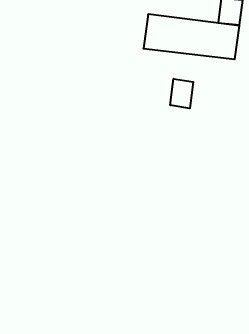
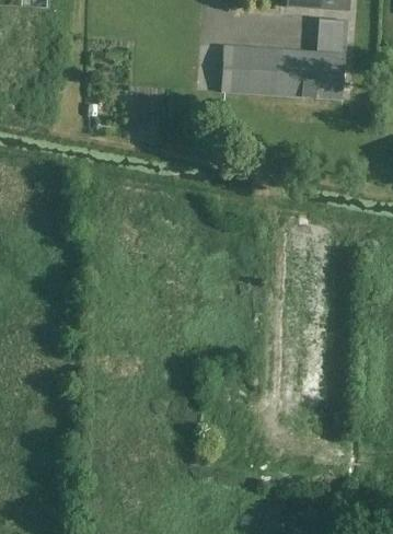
building: [170,79,193,108] -> none

